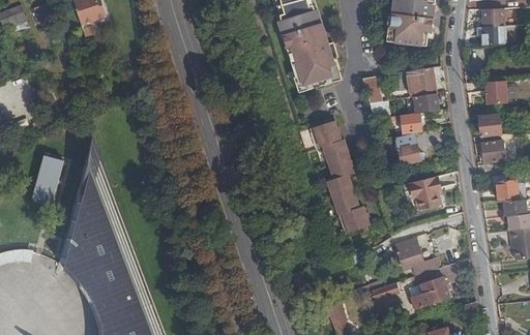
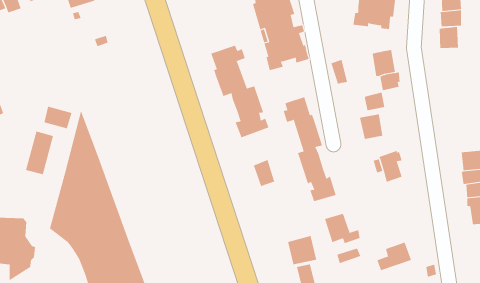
building: none -> [210,45,269,138]
building: [485,80,507,103] -> [439,27,459,49]
building: [480,114,501,135] -> none
building: none -> [44,106,72,129]
building: [479,140,503,162] -> none
building: none -> [253,159,275,187]
building: [395,242,435,275] -> [324,213,361,244]
building: none -> [287,235,317,265]

